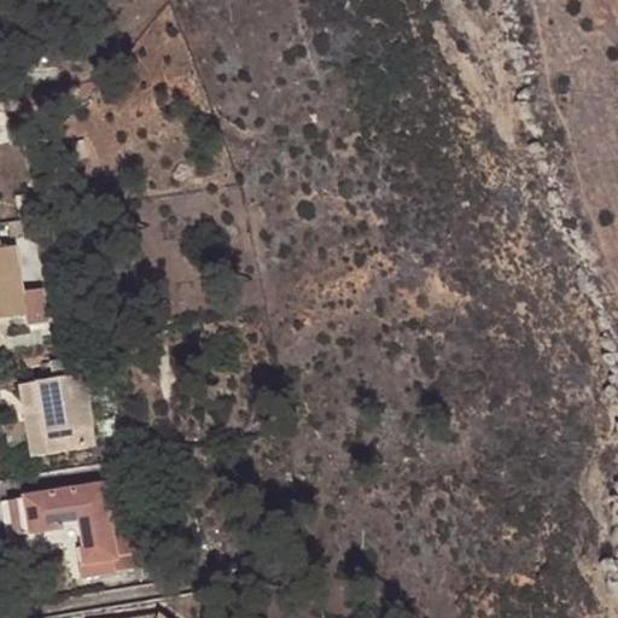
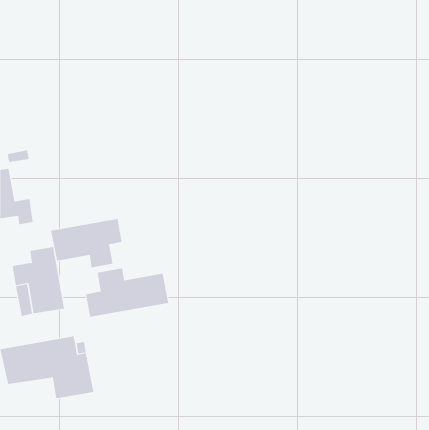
building: none -> [51,218,122,268]
building: none -> [85,268,169,317]

